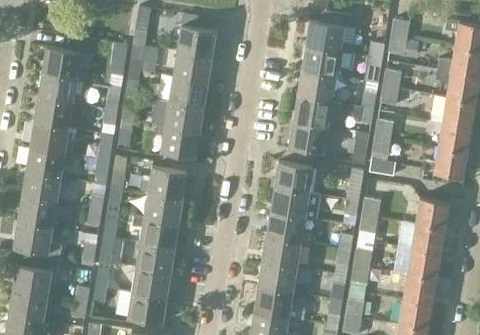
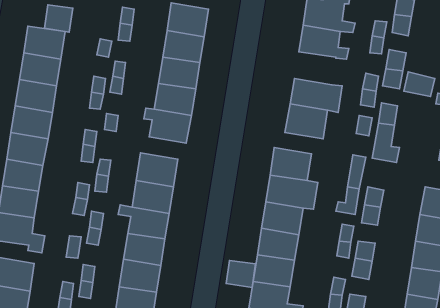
building: none -> [44,5,73,32]
building: [297,72,336,103] -> none
building: none -> [226,261,256,288]

